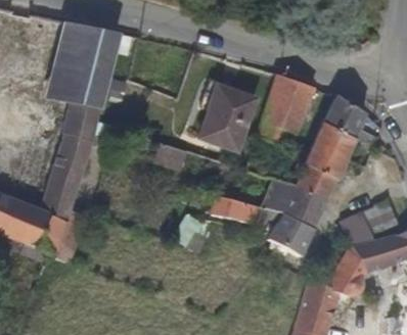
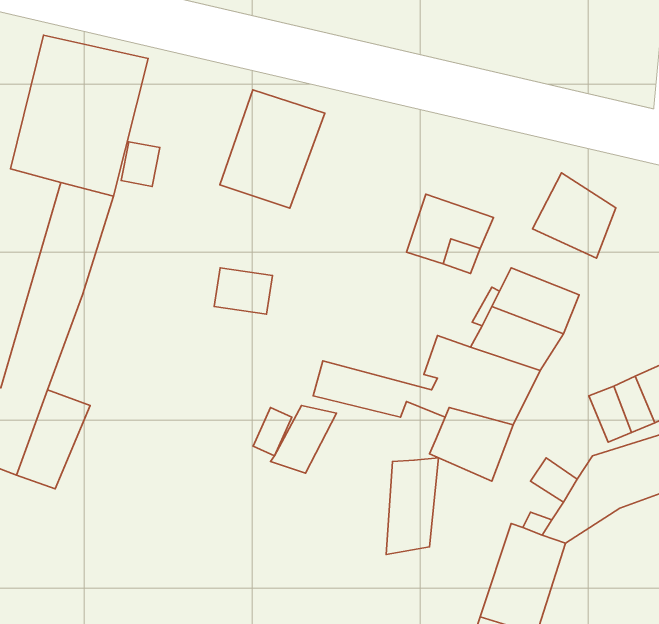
building: [266,74,316,118] -> none
building: [200,87,256,149] -> [220,90,325,208]
building: [311,125,356,159] -> none
building: none -> [386,458,439,555]

